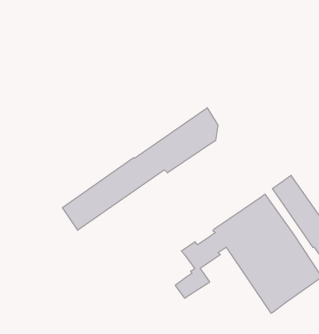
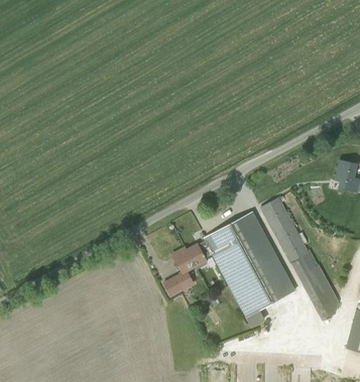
building: [63,108,218,230] -> none

